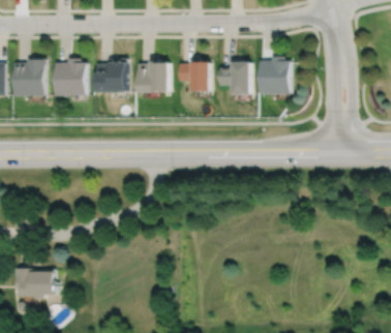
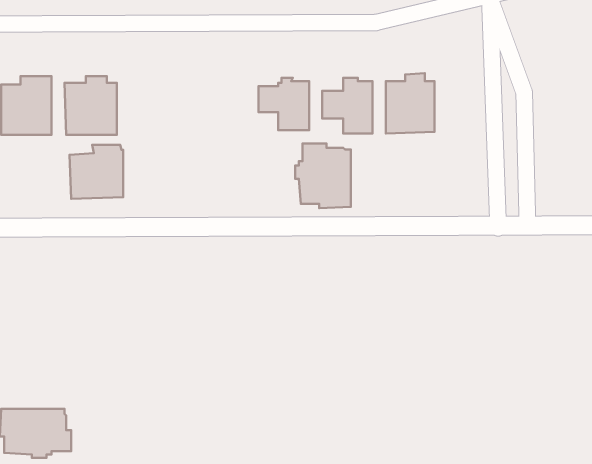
building: [95,59,129,93] -> [69,145,123,199]
building: [137,60,168,93] -> none
building: none -> [295,143,351,208]

